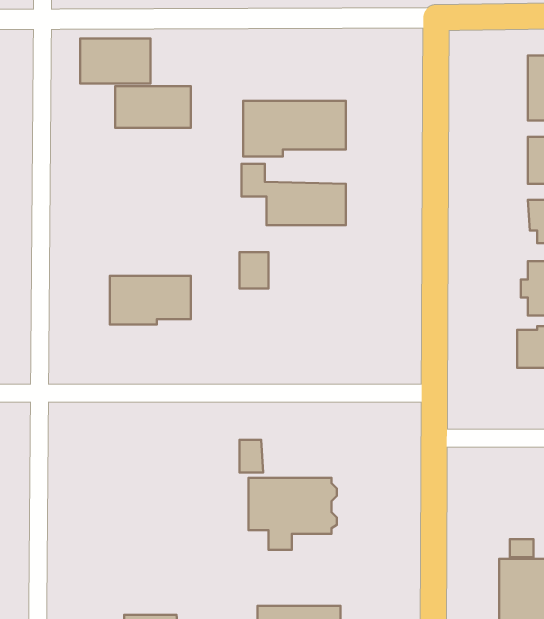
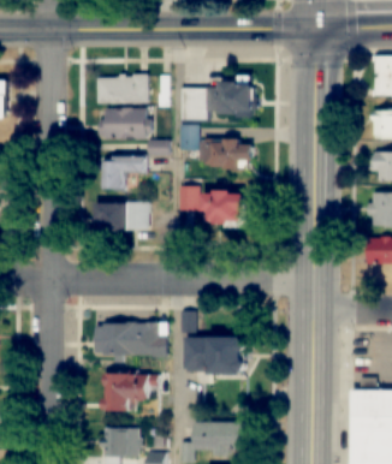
building: [80,38,150,84] -> [100,109,147,139]
building: none -> [101,157,145,190]
building: none -> [203,189,249,230]
building: none -> [95,321,167,364]
building: none -> [97,371,159,411]

